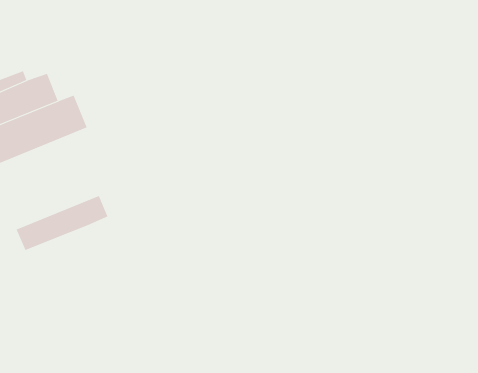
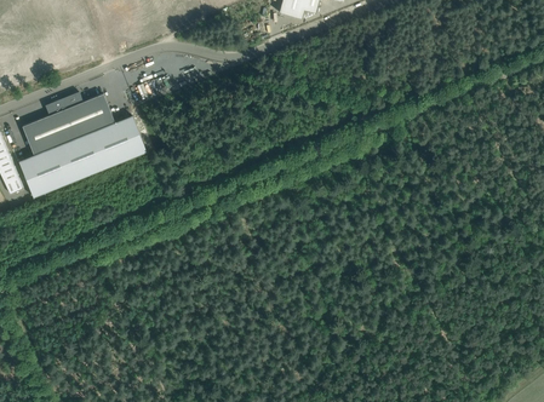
building: [16,195,108,251] -> none

